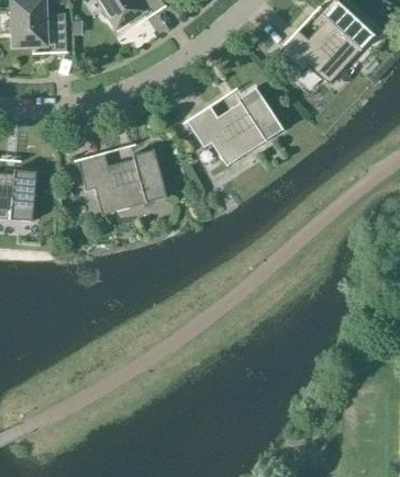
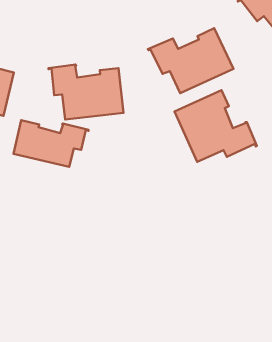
building: none -> [174,90,257,162]
building: none -> [13,120,89,167]

